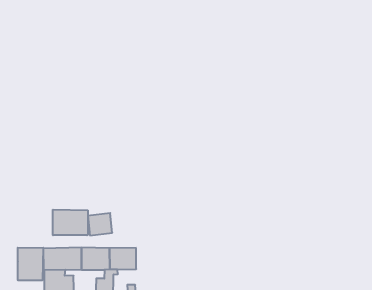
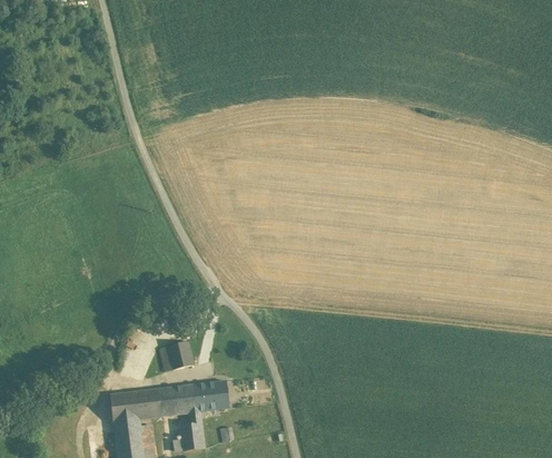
building: [53,210,88,235] -> none
building: [18,248,43,280] -> none

